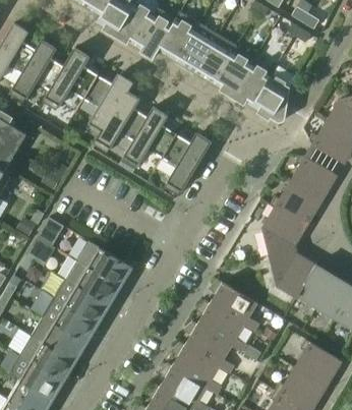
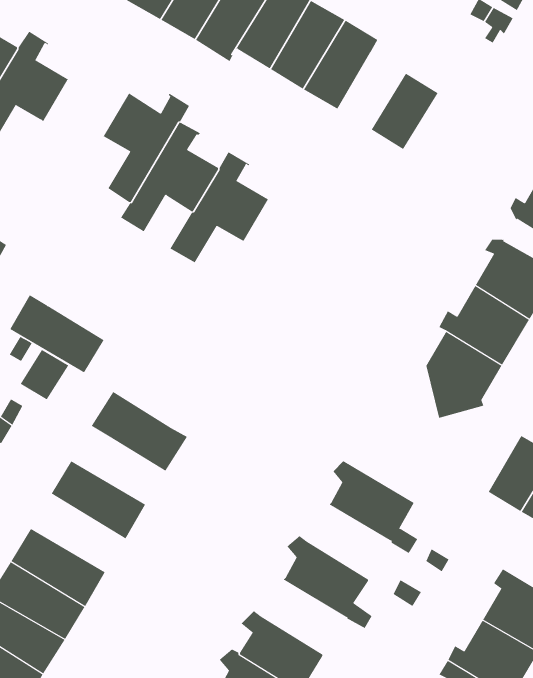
building: [43,49,99,114] -> none
building: [215,53,252,96] -> none
building: [251,75,291,123] -> none
building: [154,133,211,195] -> none
building: [271,249,316,297] -> none
building: [66,260,119,304] -> [9,295,104,373]
building: [44,298,97,342] -> none
building: [197,301,247,353] -> none
building: [172,343,222,395] -> none

